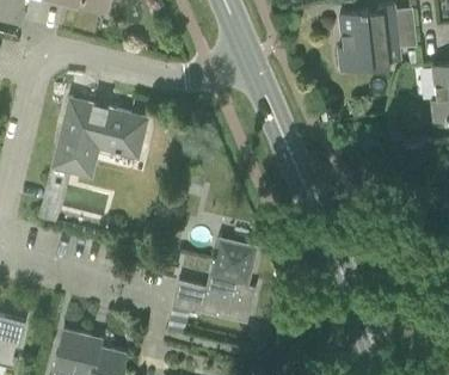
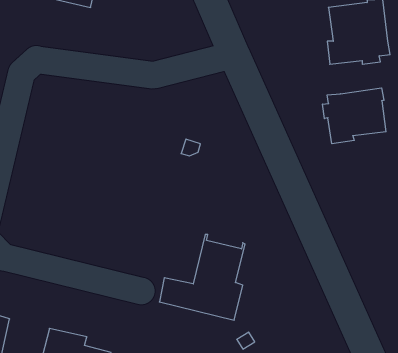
building: none -> [323,88,386,144]
building: [39,99,148,221] -> none

